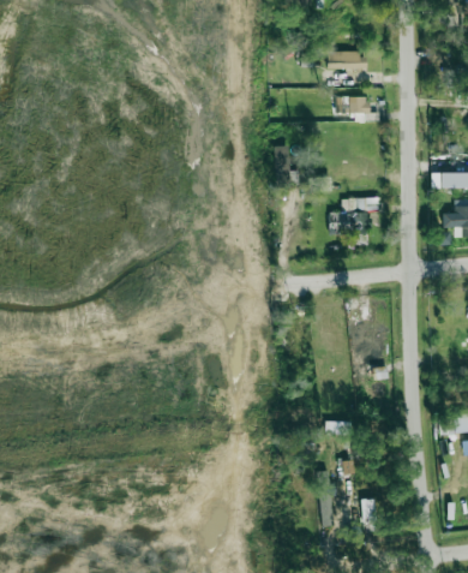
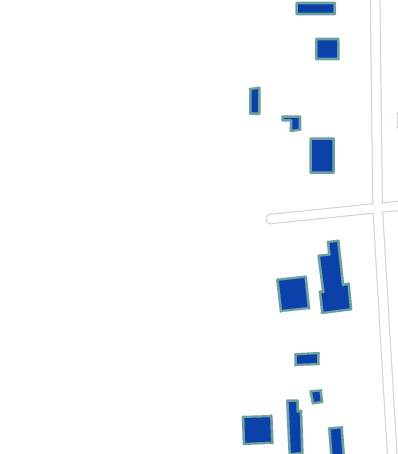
building: none -> [278,277,309,311]
building: none -> [243,416,272,444]

